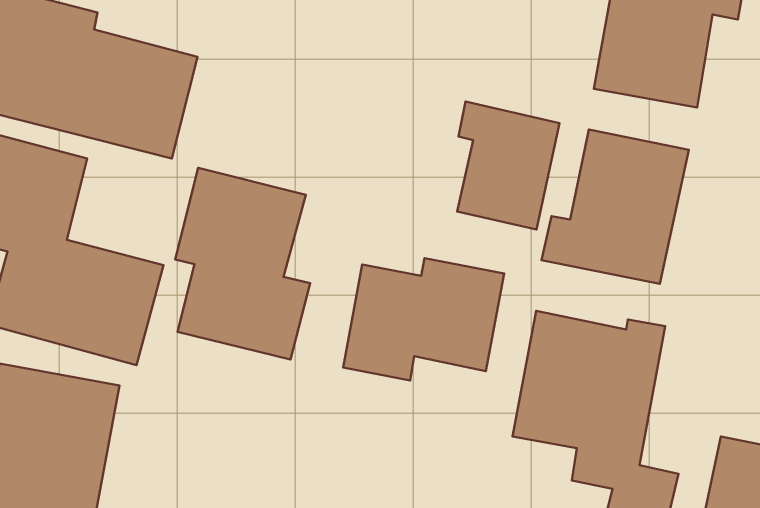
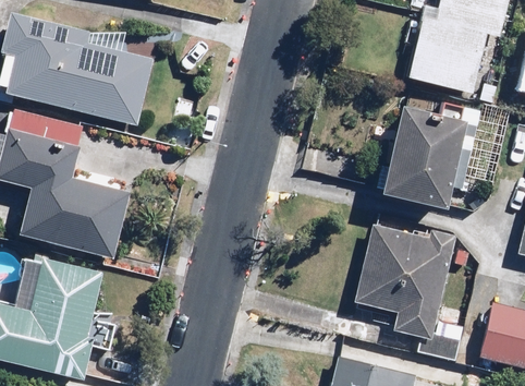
building: [457,101,559,230] -> none
building: [175,168,310,360] -> none
building: [343,258,504,380] -> none

